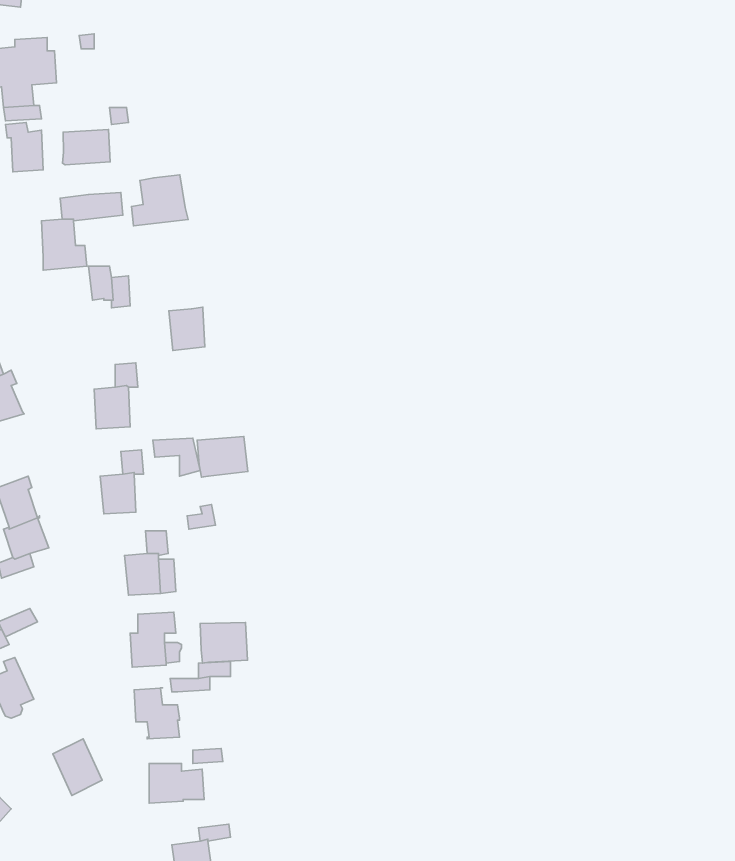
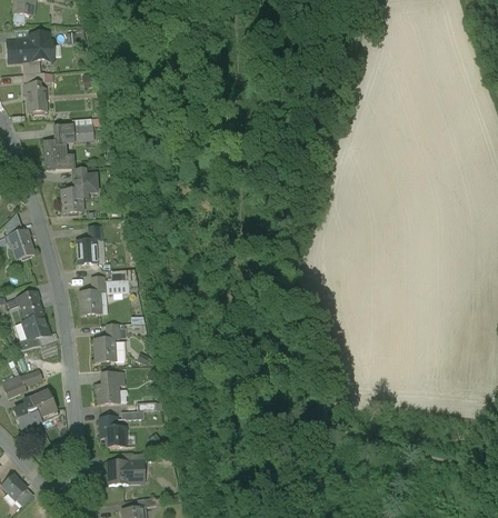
building: [63,129,110,165] -> none
building: [131,175,188,226] -> none
building: [169,307,205,351] -> [61,186,82,211]
building: [197,436,248,477] -> none
building: [200,623,247,663] -> none
building: [53,739,102,795] -> [29,388,58,421]

